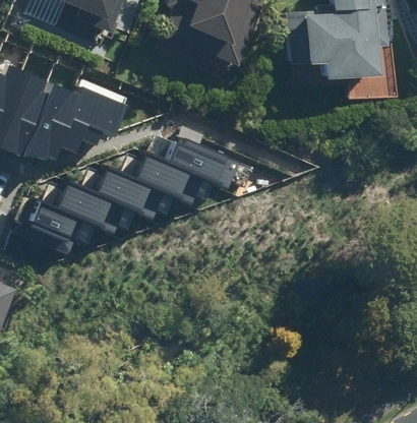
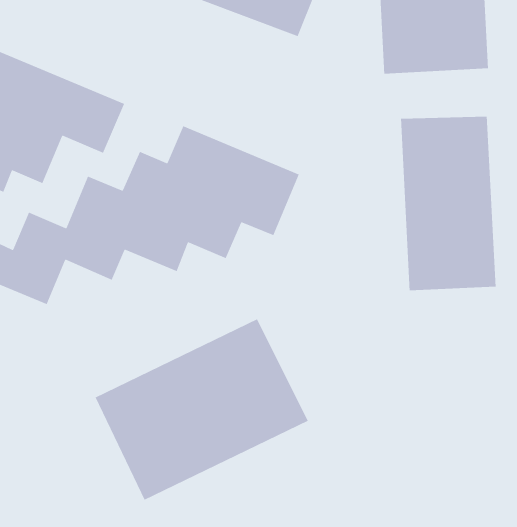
building: none -> [400,116,497,291]
building: none -> [95,318,309,501]

